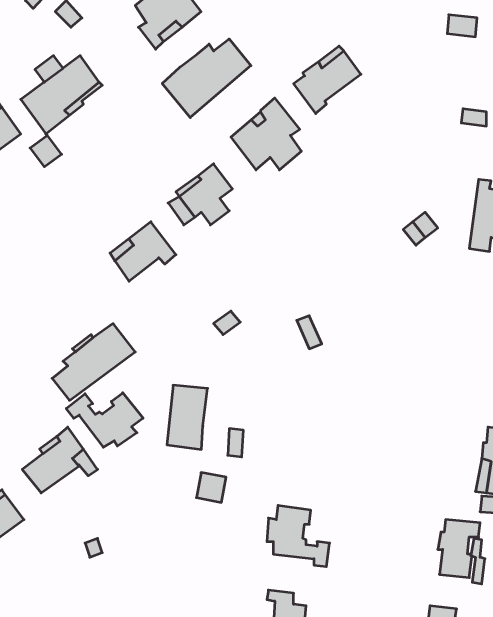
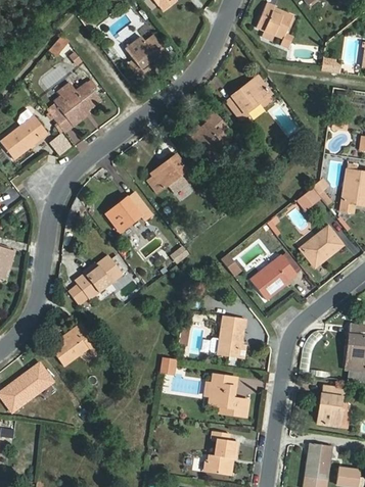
building: [162,39,251,118] -> none
building: none -> [304,230,346,270]
building: none -> [247,254,294,299]
building: [167,385,208,449] -> [218,316,244,358]
building: [66,393,143,447] -> none

